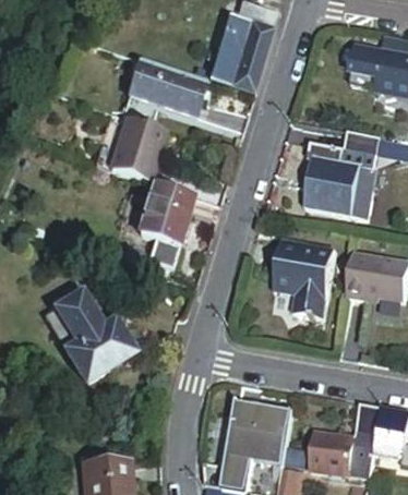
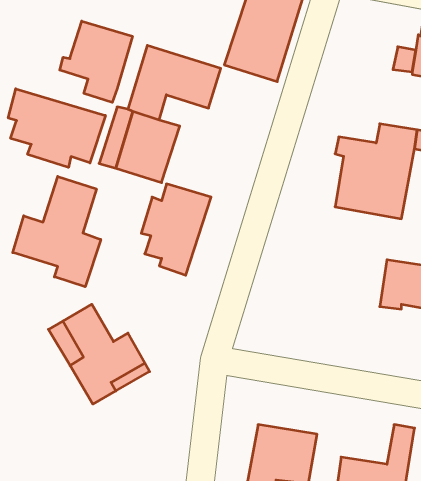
building: none -> [60,21,132,102]
building: none -> [8,89,105,167]
building: none -> [13,176,101,287]
building: [274,239,334,317] -> none

